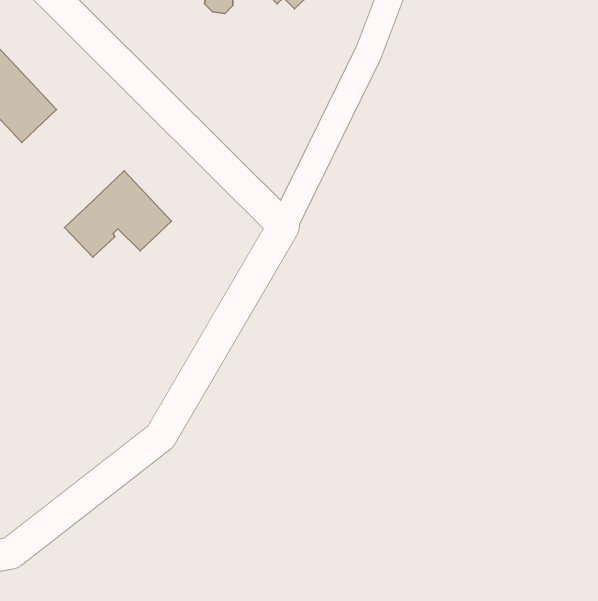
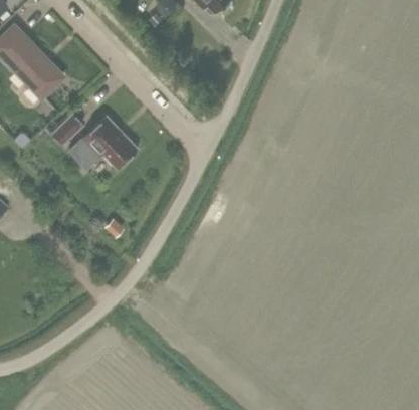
building: none -> [51,113,84,146]

